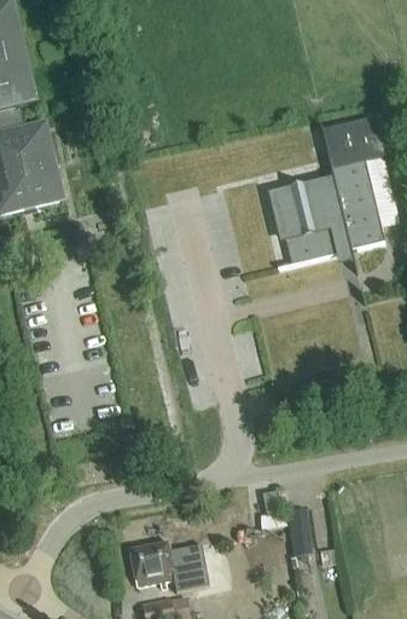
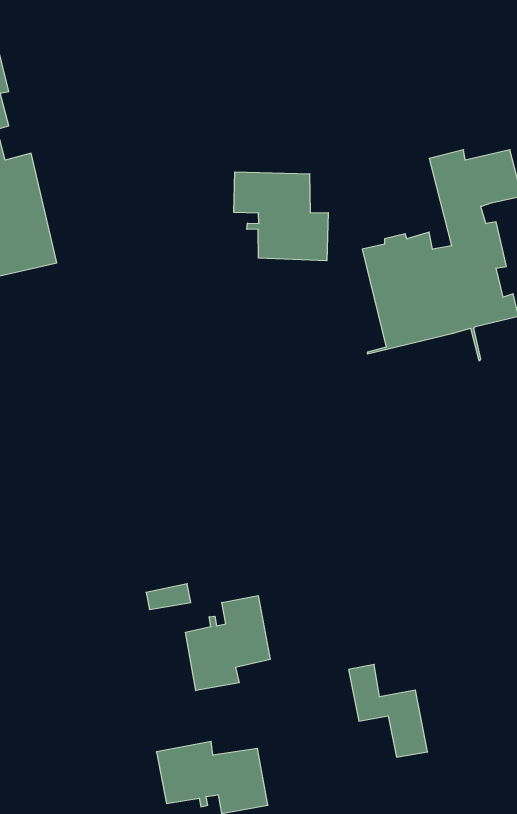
building: none -> [234,172,328,261]
building: none -> [186,596,270,691]

